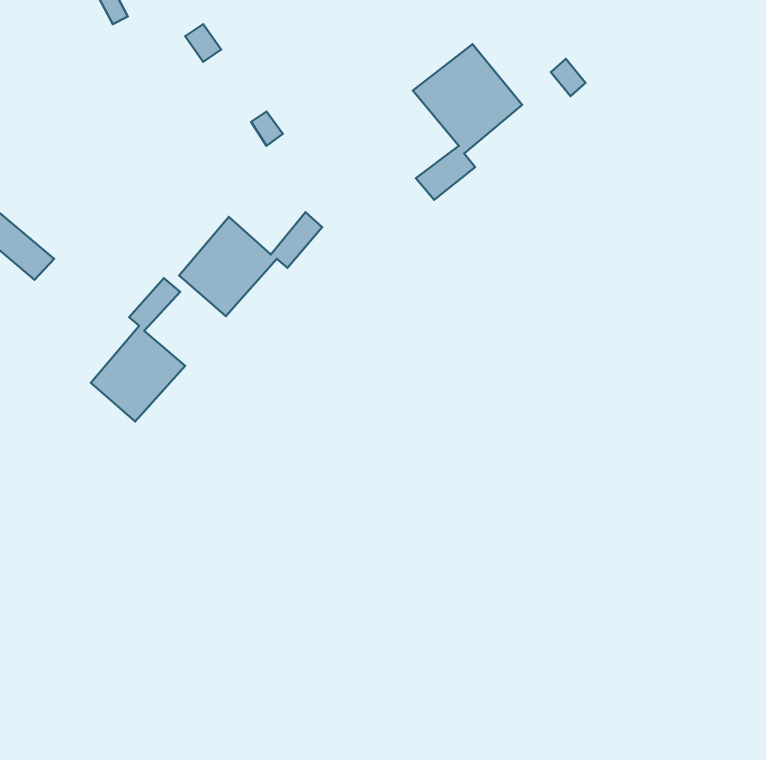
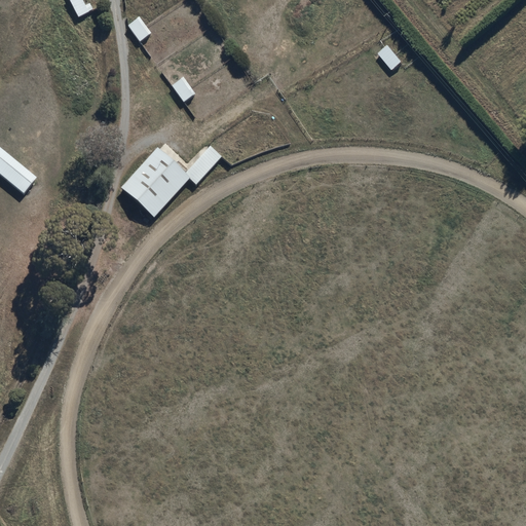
building: [413,44,522,200] -> none
building: [91,278,185,422] -> none

